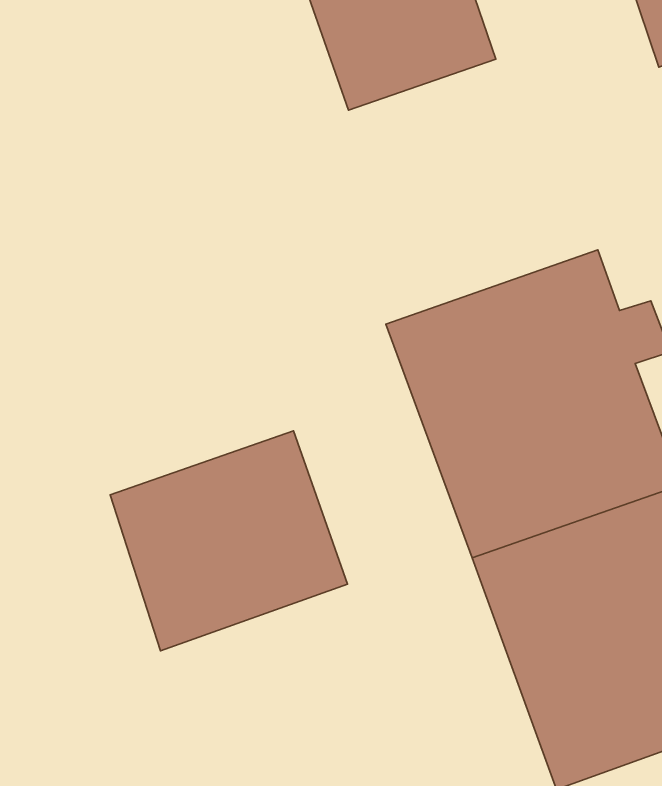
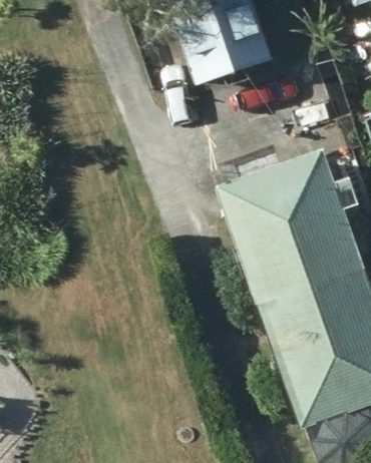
building: [110,431,348,651] -> none

